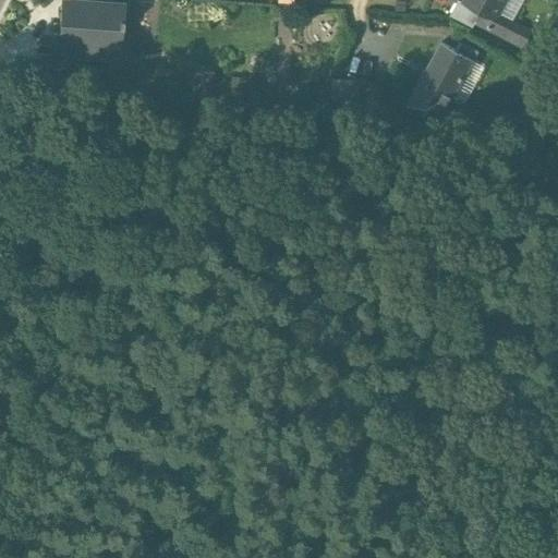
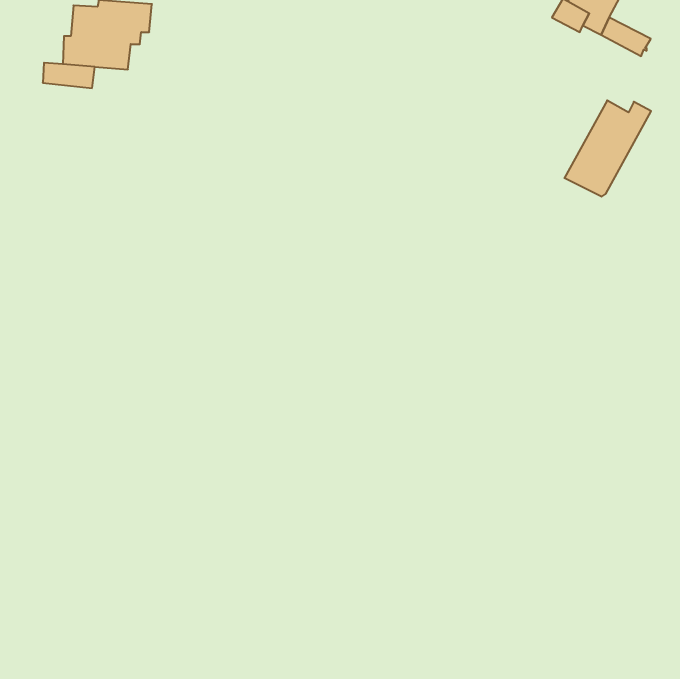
building: [409,41,480,120] -> [564,100,651,197]

